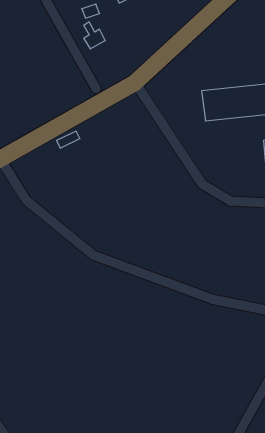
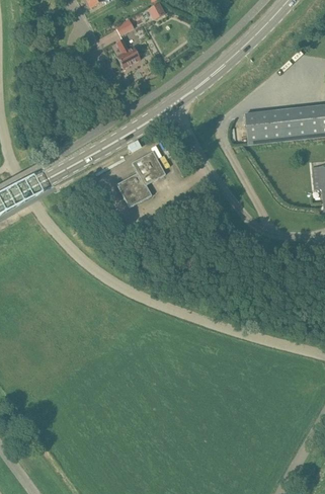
building: none -> [116,151,165,207]

